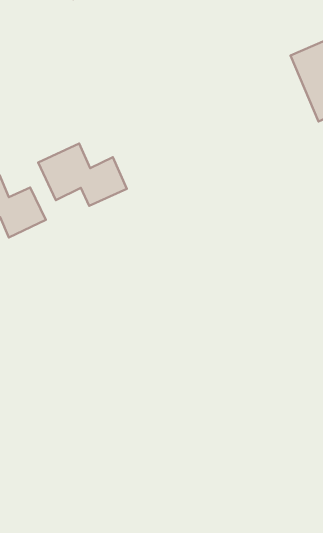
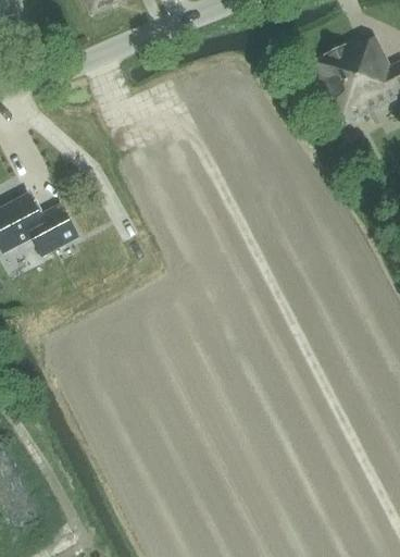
building: [38,144,127,206] -> none

